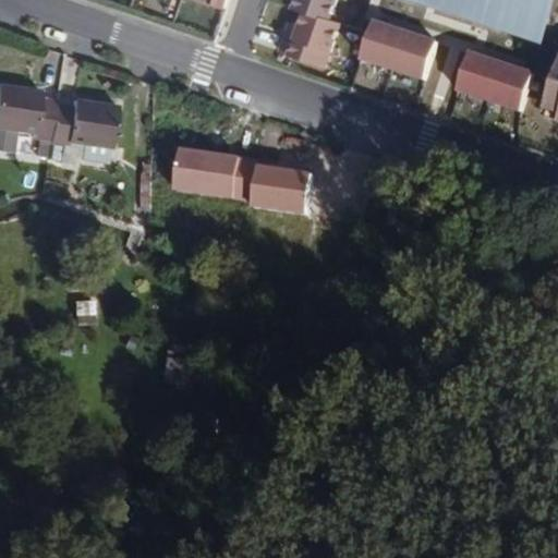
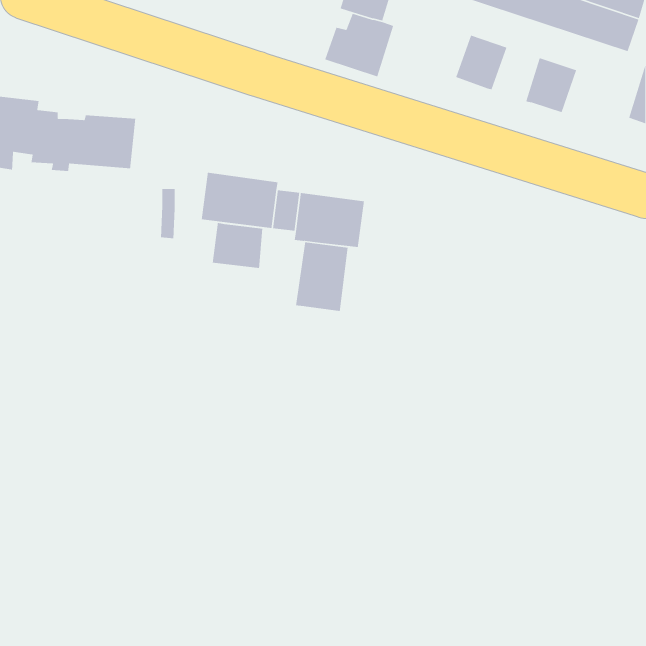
building: [359,20,403,66] -> none
building: [482,60,526,108] -> none
building: none -> [212,222,263,269]
building: none -> [295,242,349,312]

